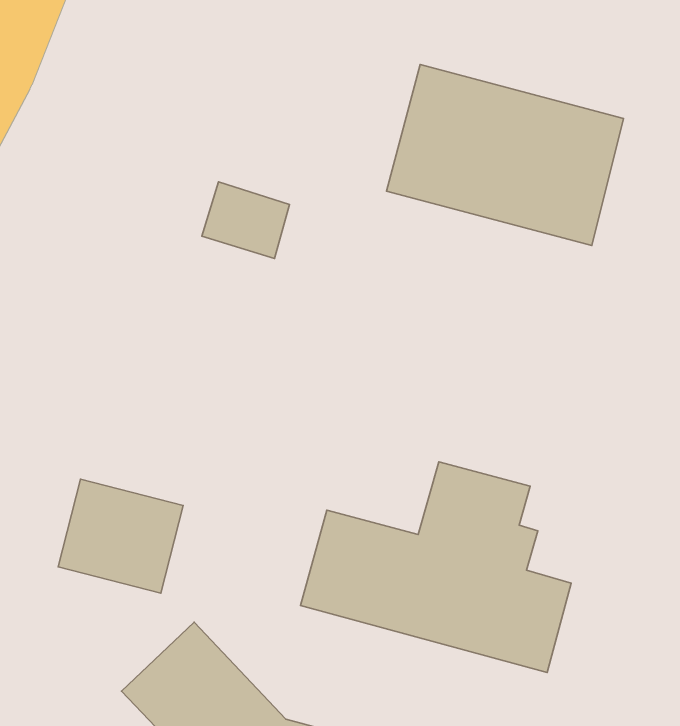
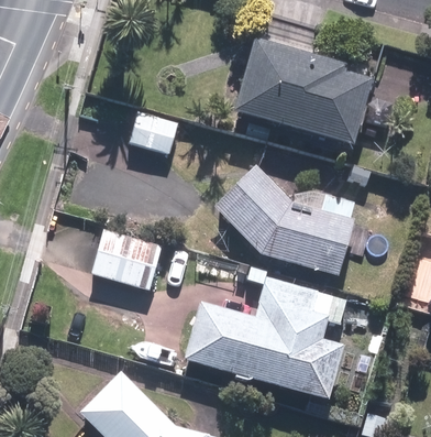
building: none -> [218,168,371,275]
building: [58,479,183,593] -> [89,225,163,292]

